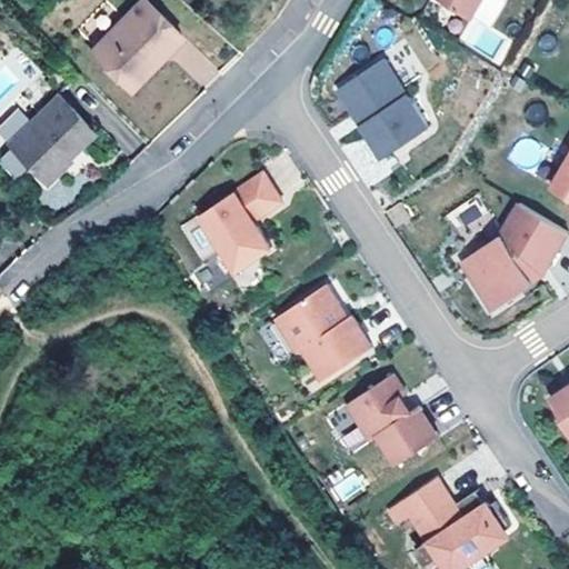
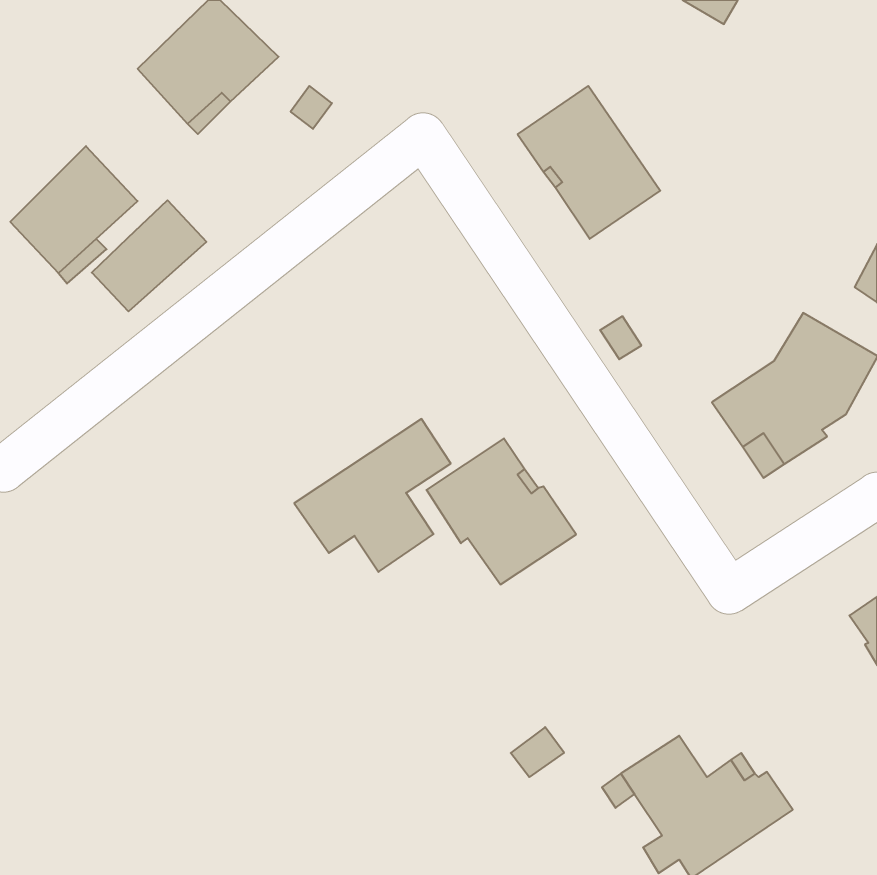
building: none -> [92,200,206,311]
building: [181,177,282,276] -> [294,419,451,572]
building: [346,376,438,466] -> none

